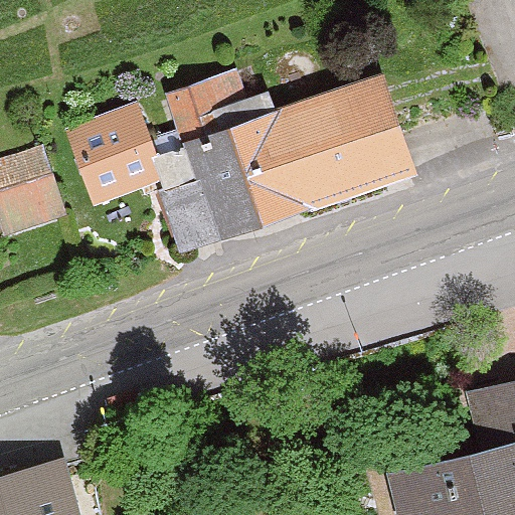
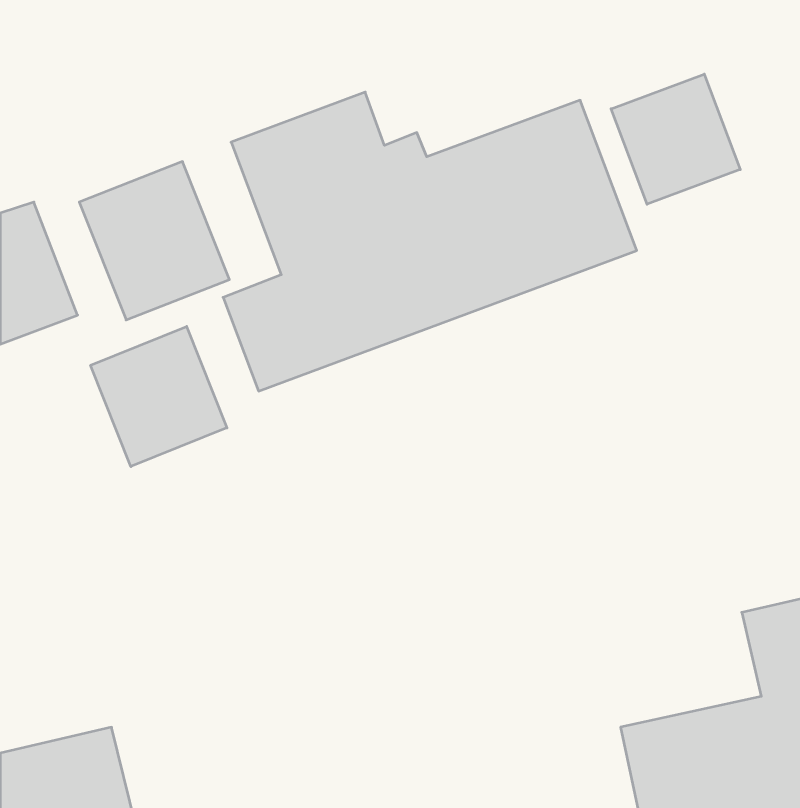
building: none -> [611,74,740,204]
building: none -> [91,326,227,467]

